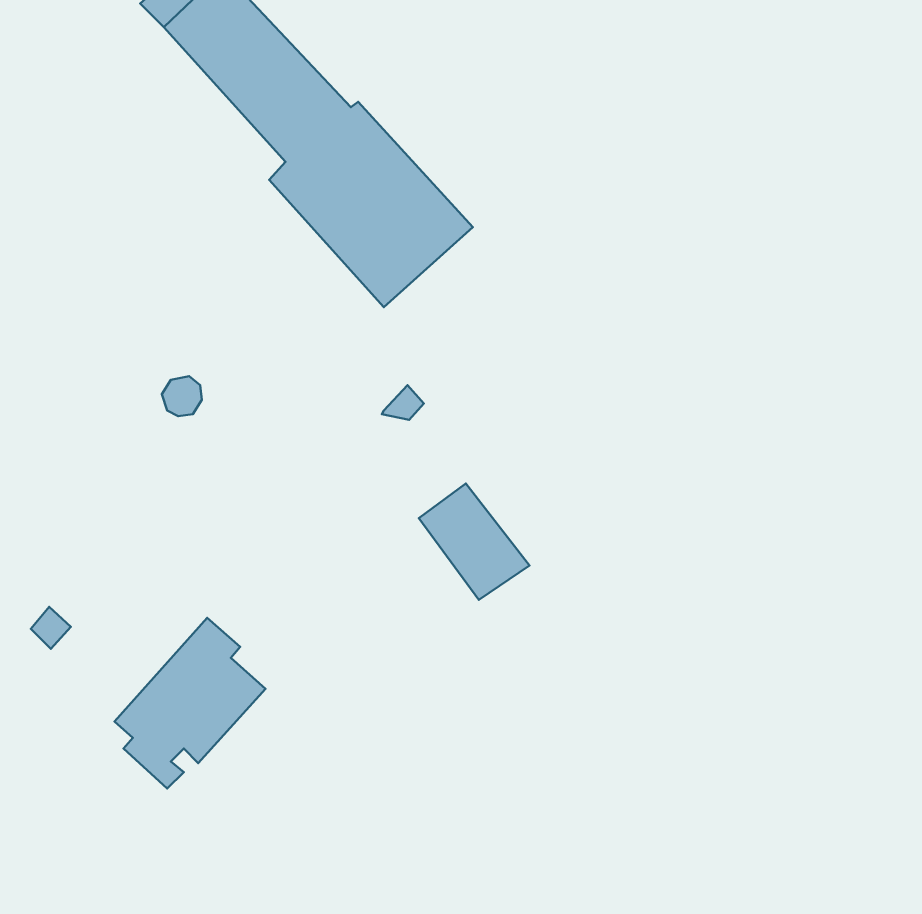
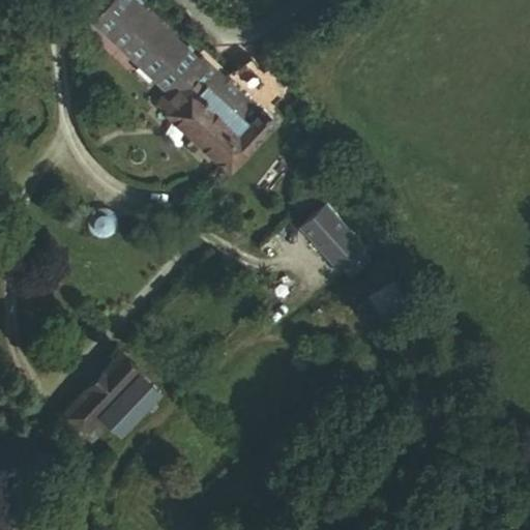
building: [419,484,530,600] -> [303,202,366,268]

